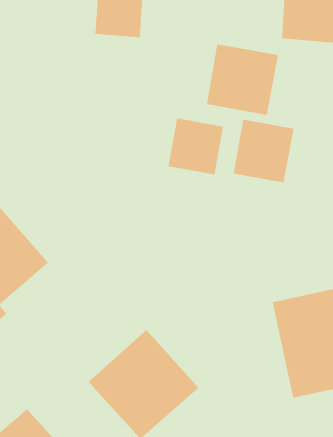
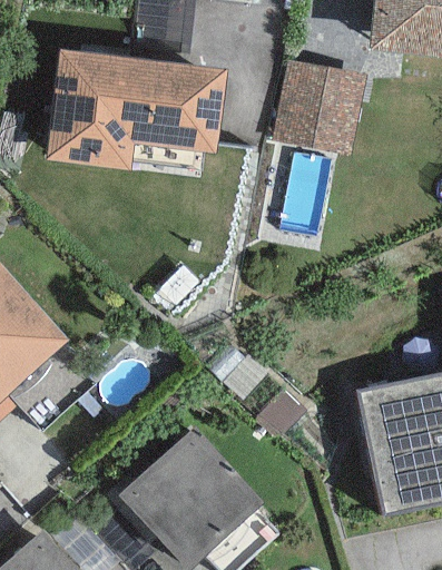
building: none -> [46,50,226,168]
building: [168,117,223,175] -> none
building: [233,119,294,183] -> none

